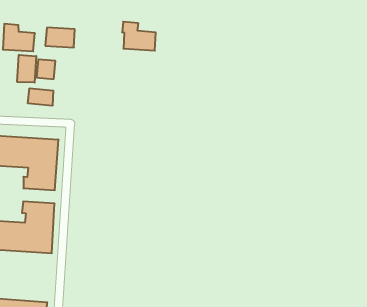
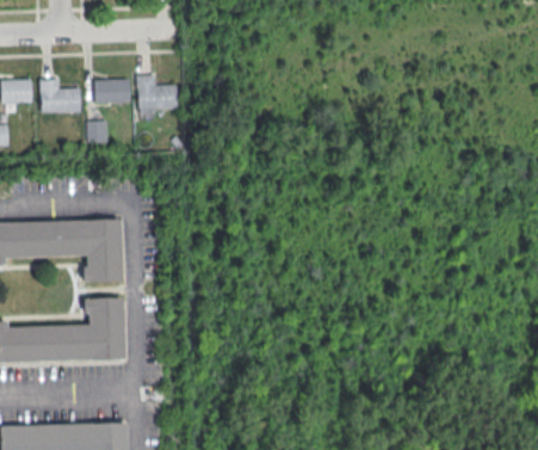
building: [122,22,156,51] -> [135,76,178,110]
building: [17,55,36,83] -> none
building: [28,88,53,106] -> none

